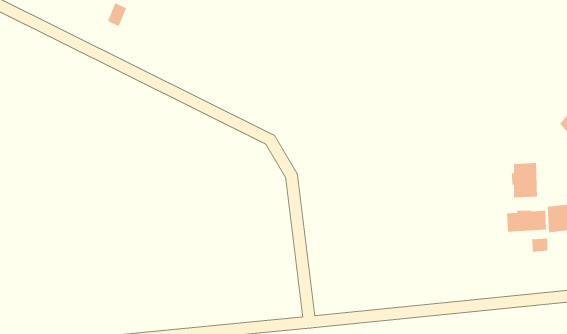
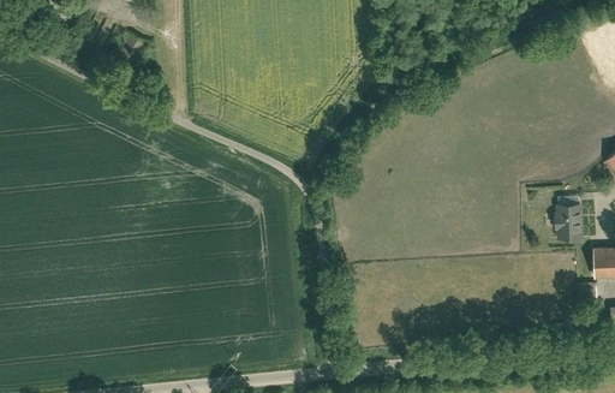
building: [506,210,547,232] -> none

